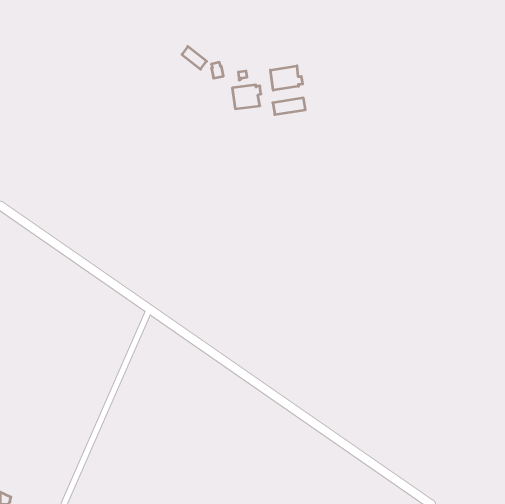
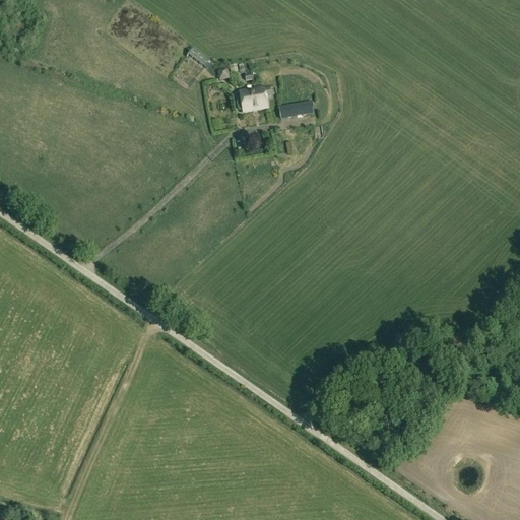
building: [270,66,303,90] -> none

